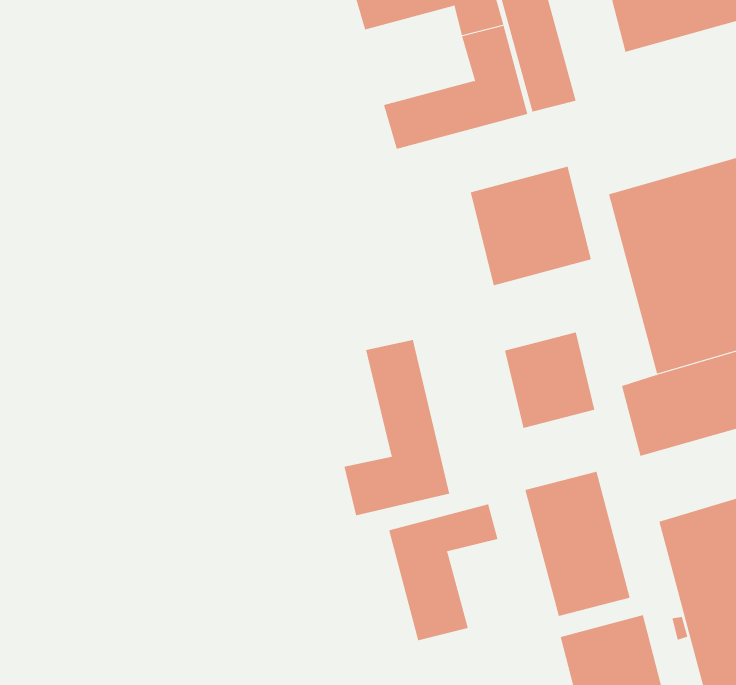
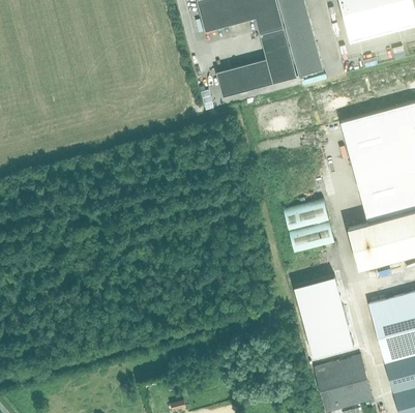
building: [470,166,591,286] -> none
building: [344,339,450,516] -> none
building: [388,504,498,641] -> none

